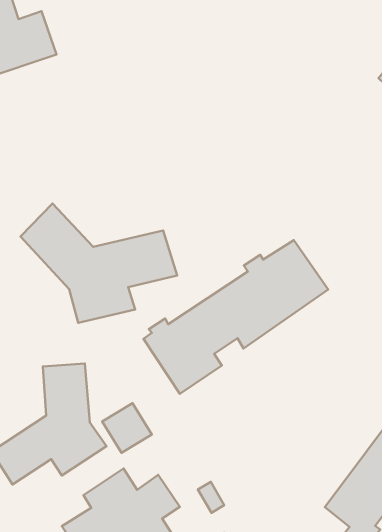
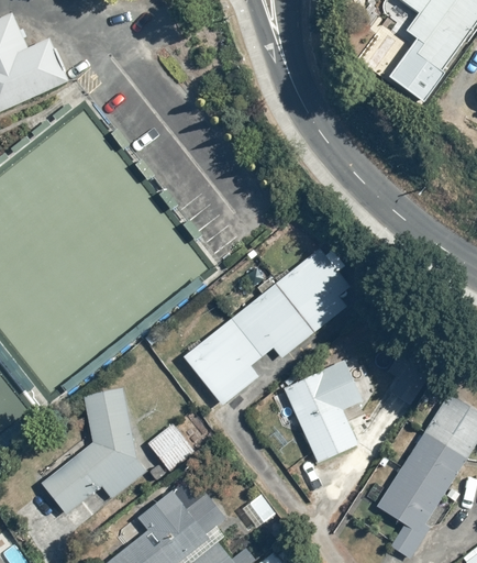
building: [20,204,177,323] -> none
building: none -> [282,357,359,463]

